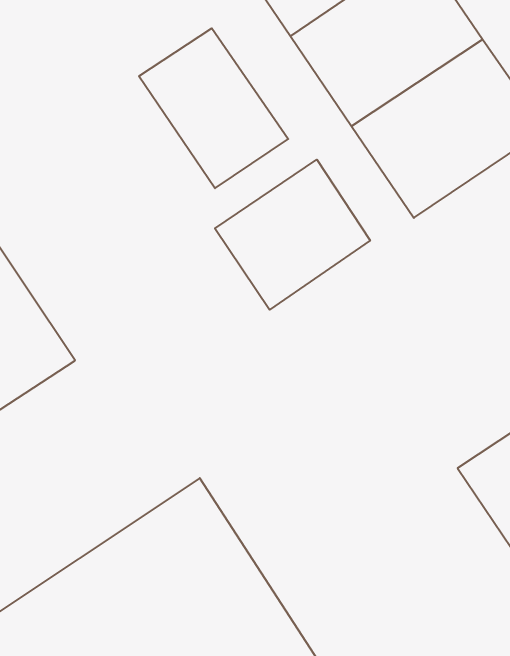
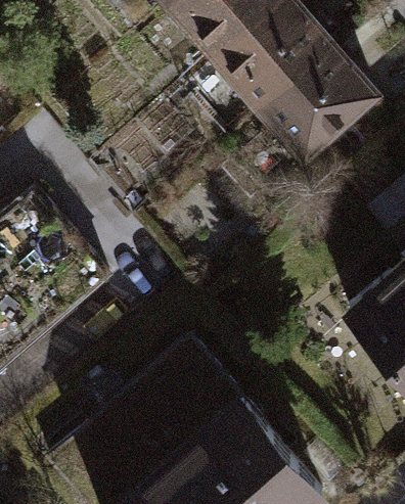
building: [139,28,288,188] -> none
building: [215,160,370,310] -> none

